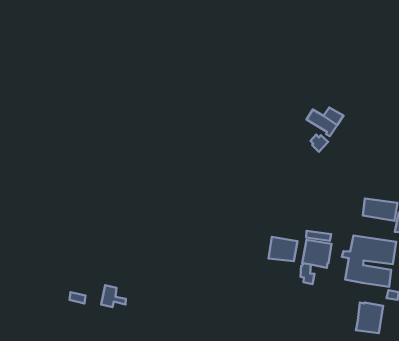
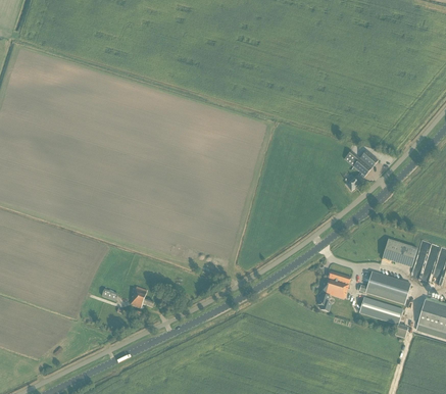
building: [269,237,297,261] -> none
building: [356,302,383,333] -> none

